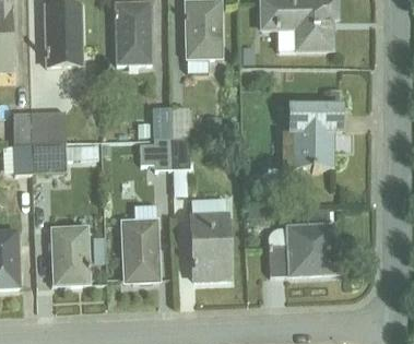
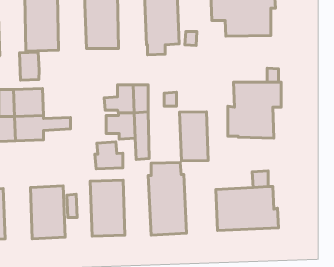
building: none -> [20,52,39,80]
building: none -> [180,112,208,161]
building: none -> [95,142,123,169]

